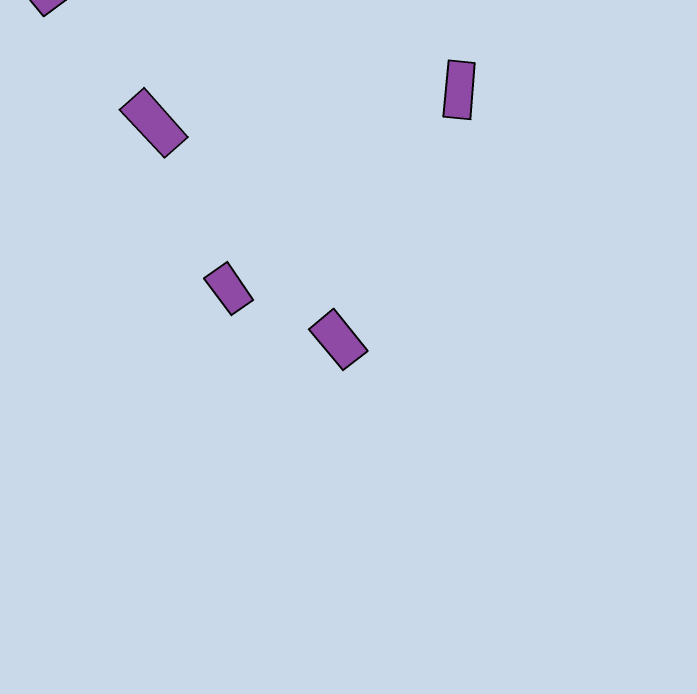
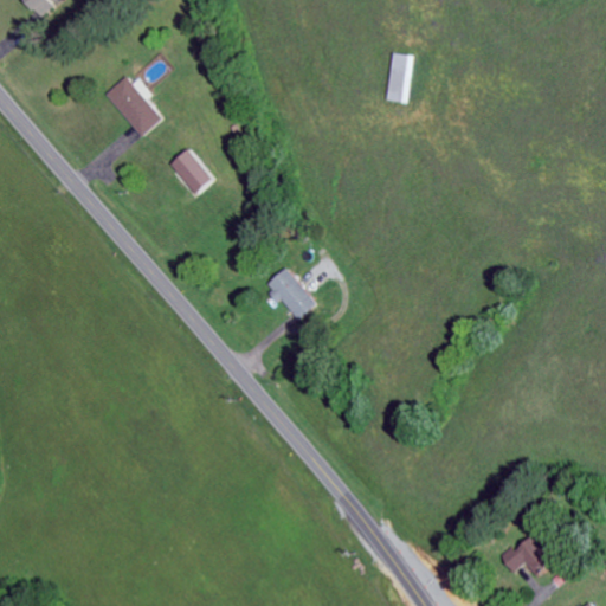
building: [204,262,253,315] -> [172,149,214,195]
building: none -> [496,534,556,575]

